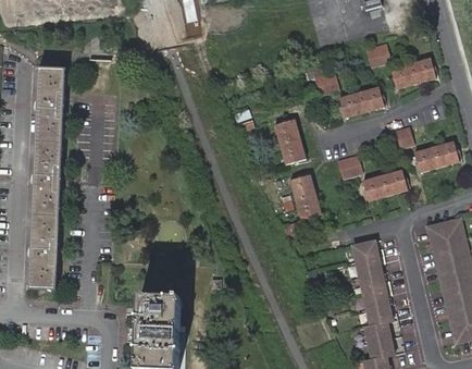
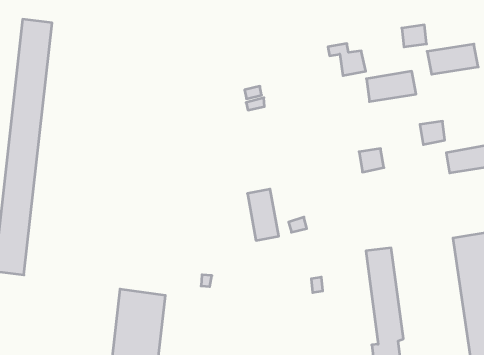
building: [274,118,305,161] -> none
building: [362,169,407,199] -> none
building: [289,172,320,218] -> [247,189,279,240]

